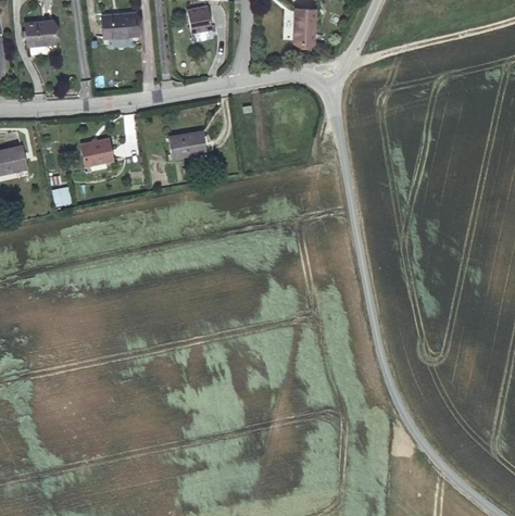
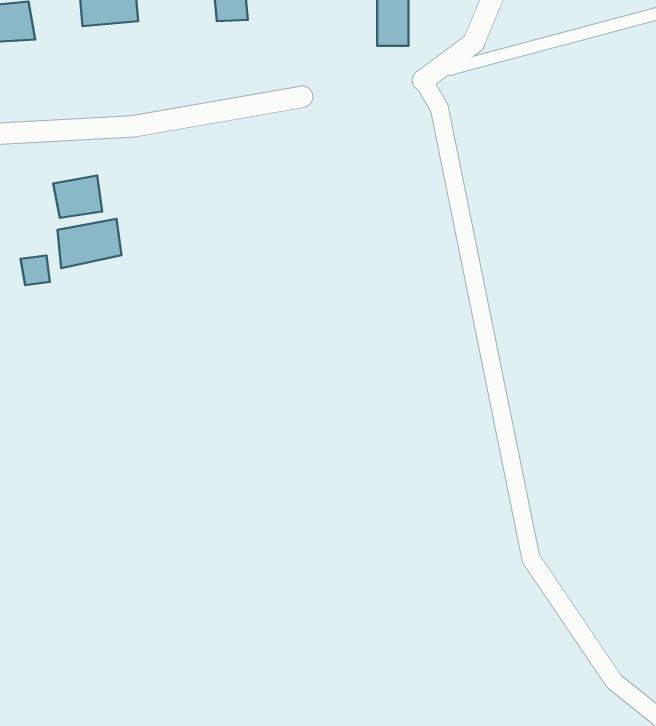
building: [168,130,208,161] -> none
building: none -> [58,219,122,268]

